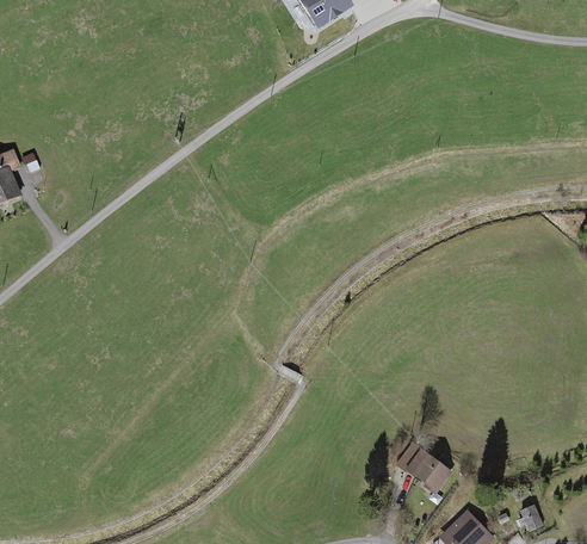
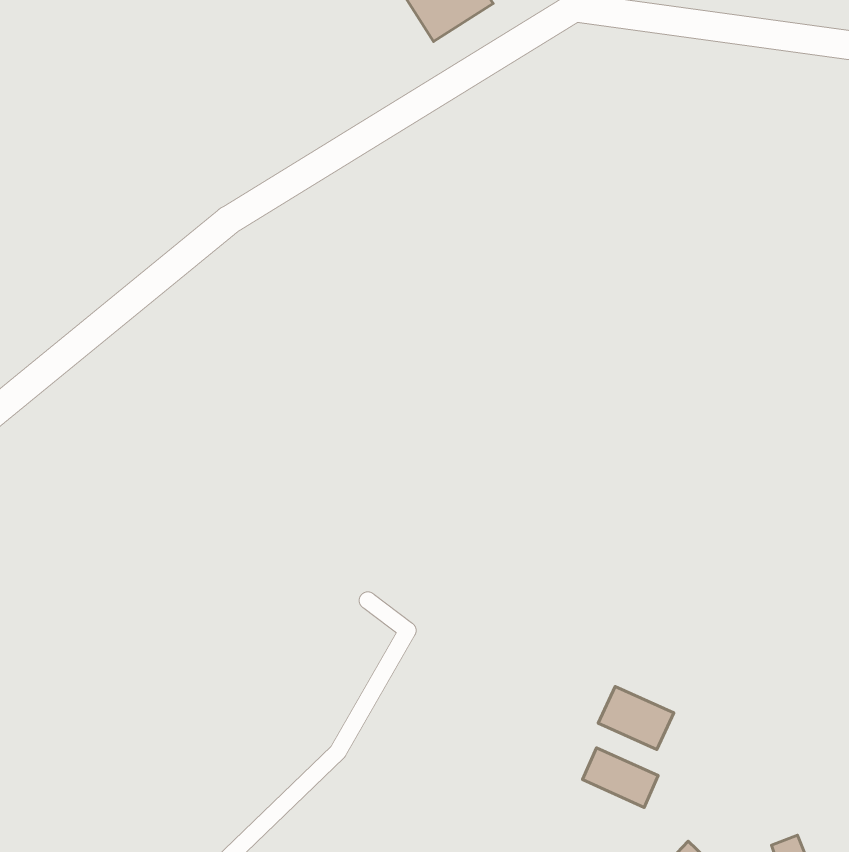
building: none -> [598,686,674,750]

